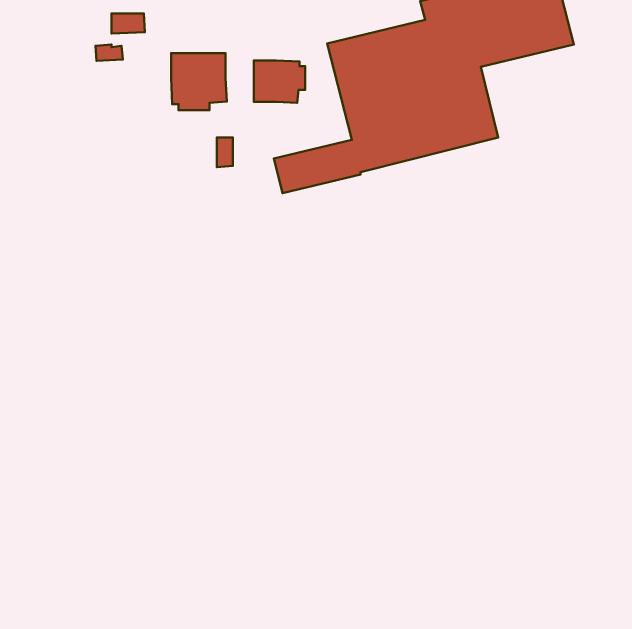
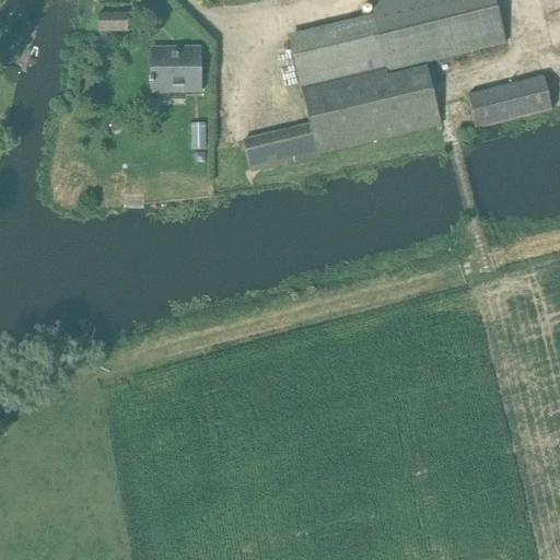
building: [254,61,305,103] -> none
building: none -> [467,74,552,128]

